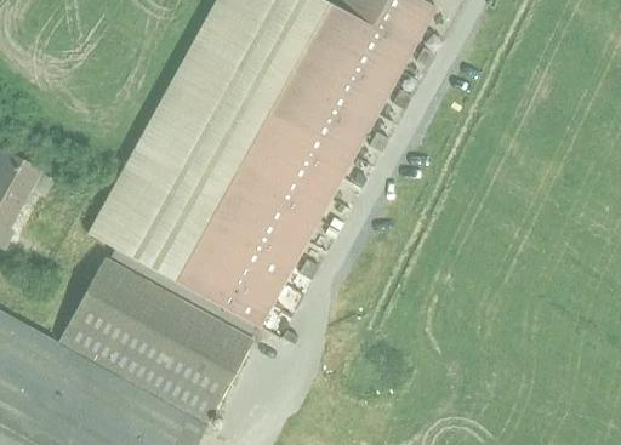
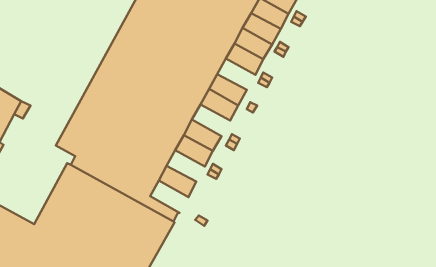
building: [312,113,365,156] -> none
building: [277,177,330,221] -> none
building: [241,240,295,284] -> none
building: [218,283,272,327] -> none

